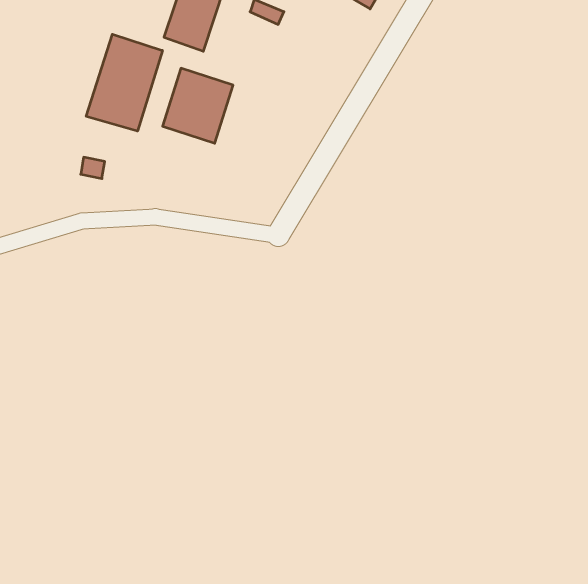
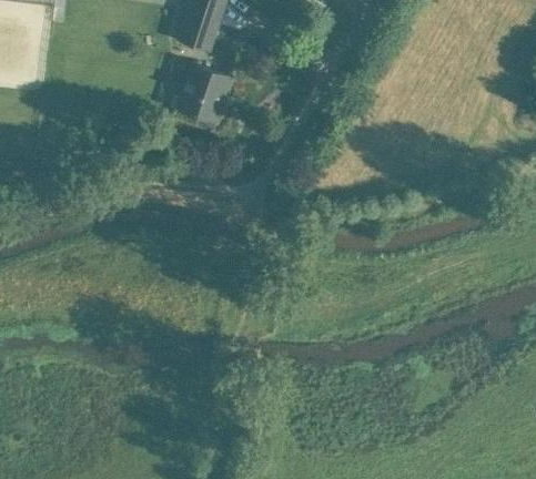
building: [86,34,162,131] -> none

